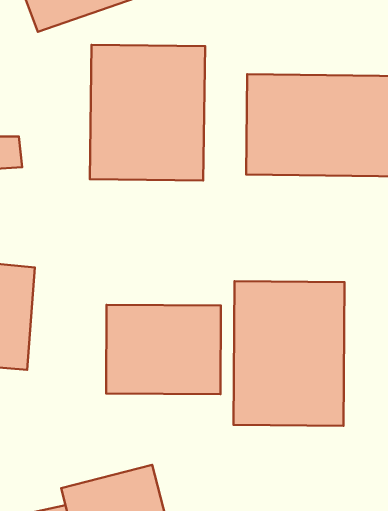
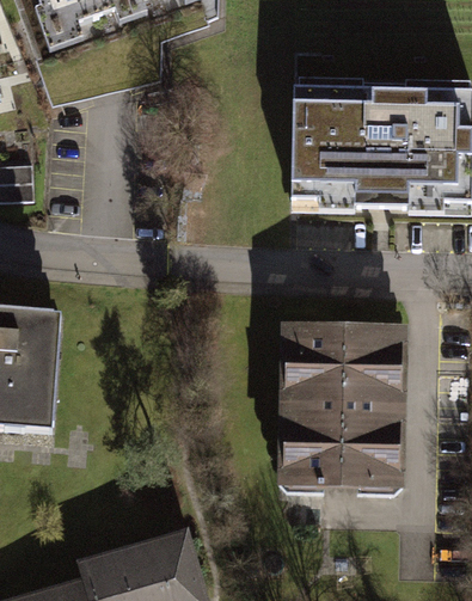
building: [90,45,205,180] -> none
building: [106,305,221,394] -> none

